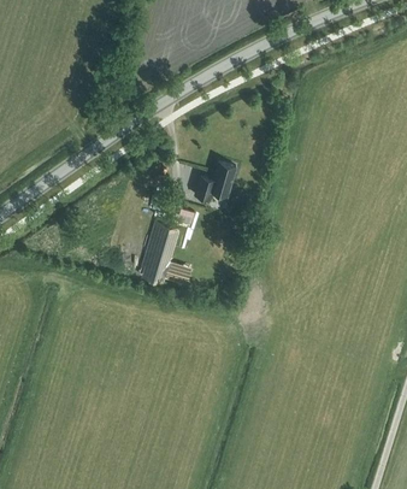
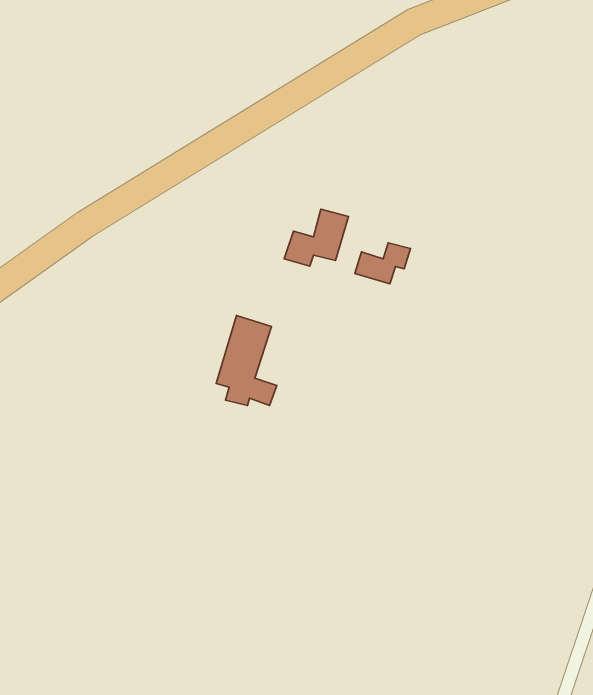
building: none -> [355,243,410,284]

